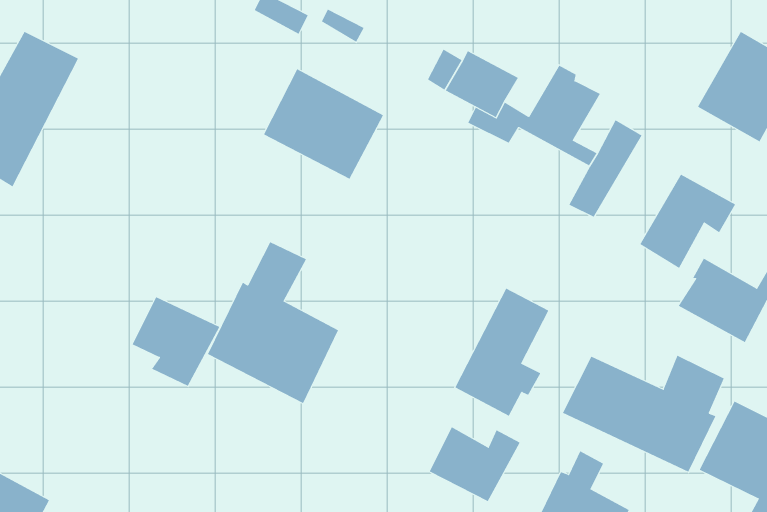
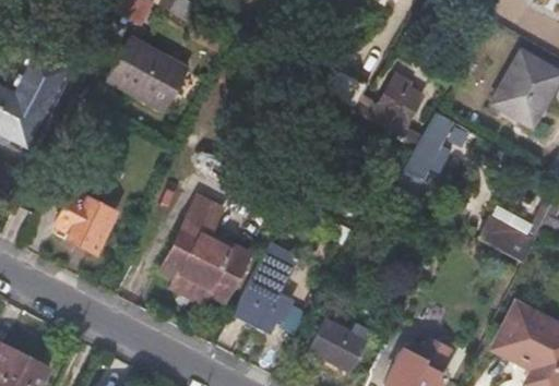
building: [263,68,384,179] -> [107,36,189,111]
building: [639,174,736,269] -> none
building: [455,288,549,416] -> [233,243,297,330]
building: [132,296,220,386] -> [57,192,117,253]
building: [562,355,725,473] -> none

